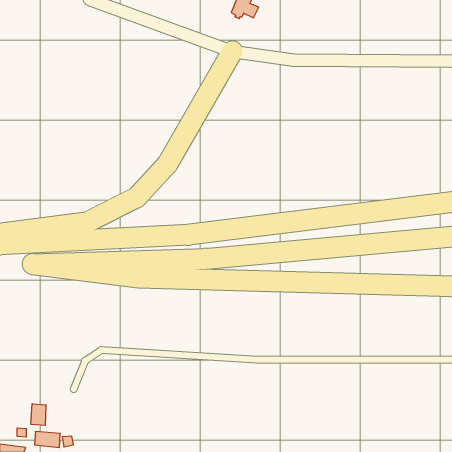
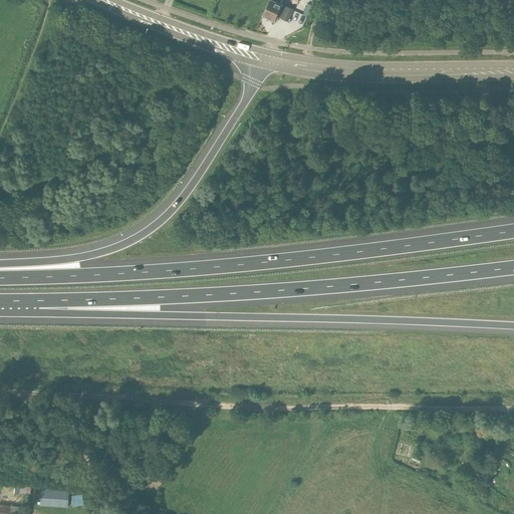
building: [31,404,46,425] -> none

